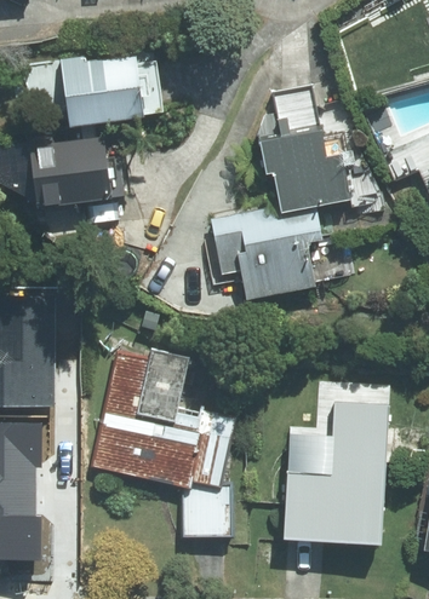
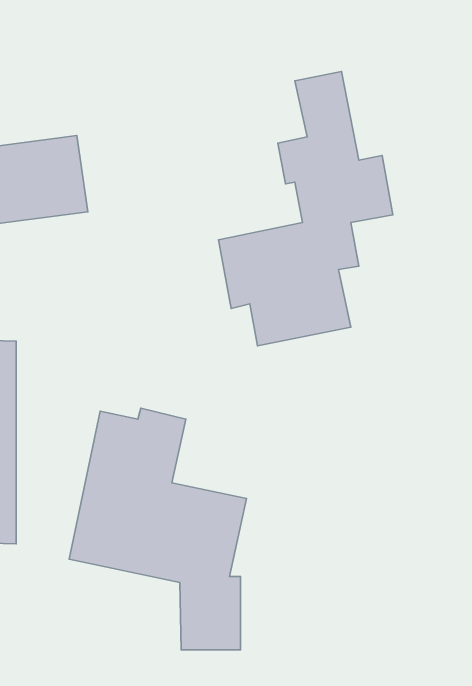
building: [62,52,143,125] -> none
building: [280,402,387,545] -> none

